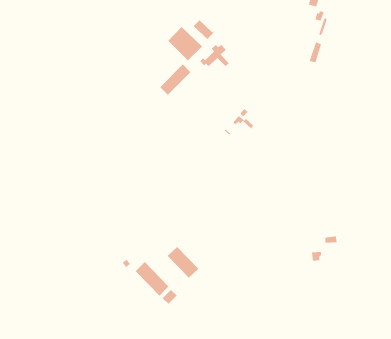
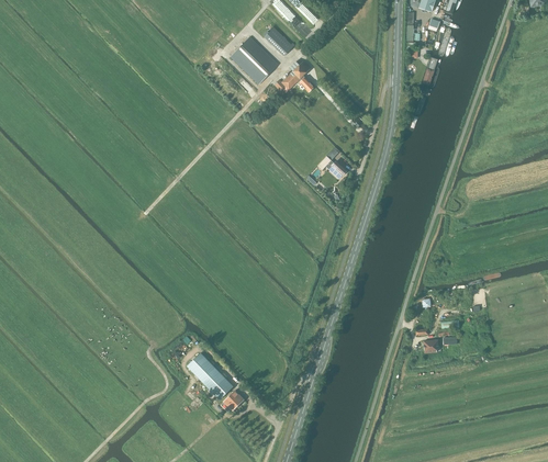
building: [159,64,191,96] -> none
building: [167,246,199,279] -> none

